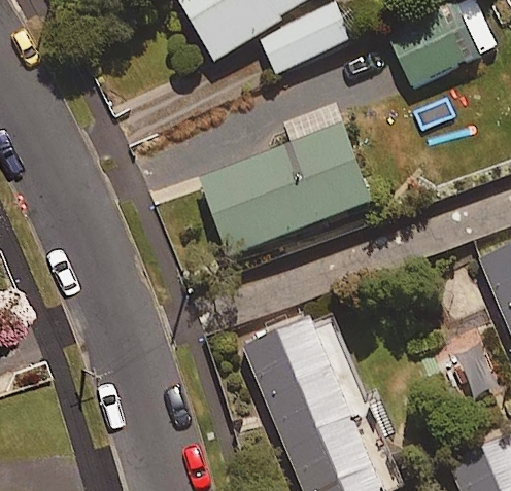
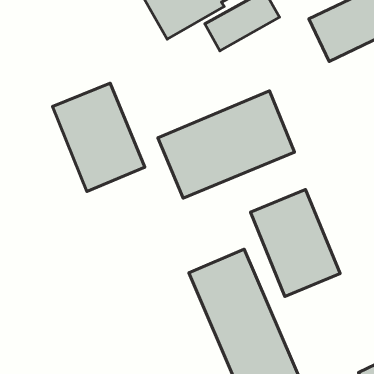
building: none -> [52,83,145,191]
building: none -> [251,190,340,296]

